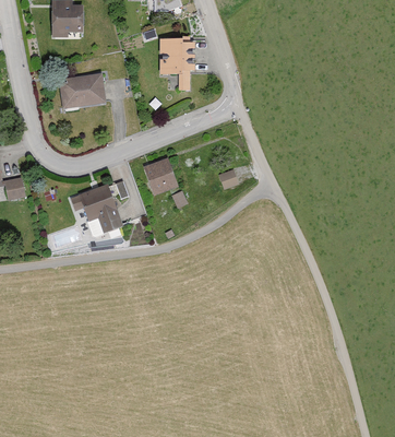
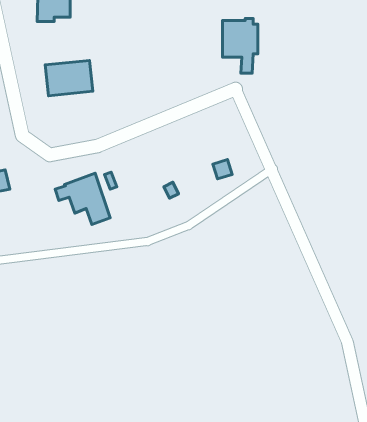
building: [160,37,194,90] -> [222,18,258,73]
building: [143,157,178,194] -> none

